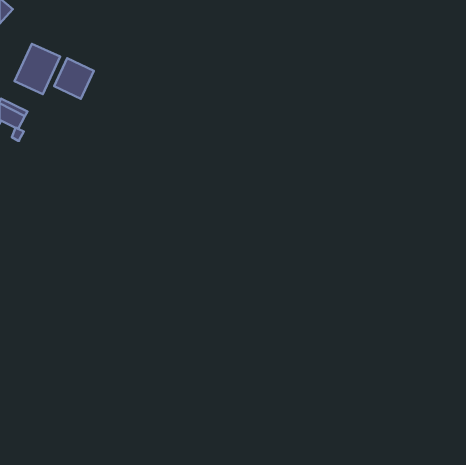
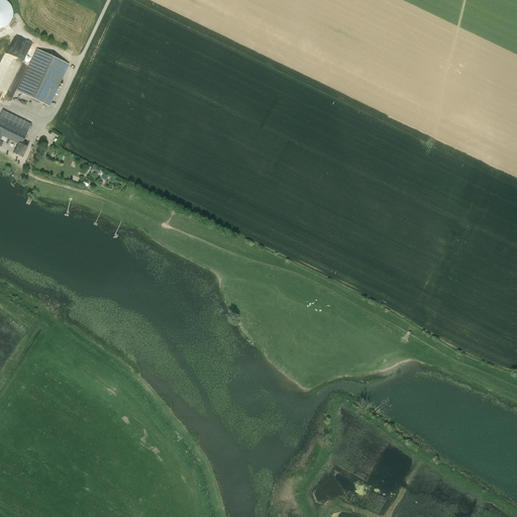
building: [54,58,94,99] -> none

